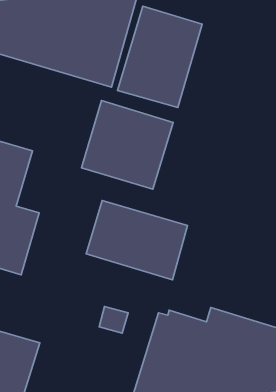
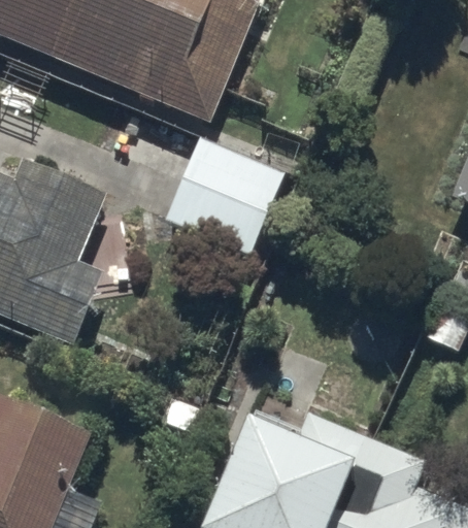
building: [118,6,202,108] -> none
building: [86,200,188,280] -> none

